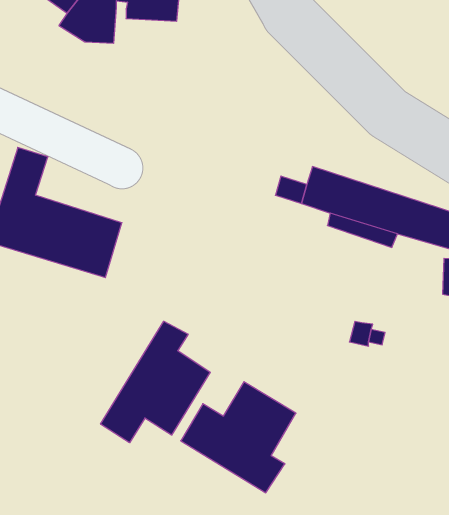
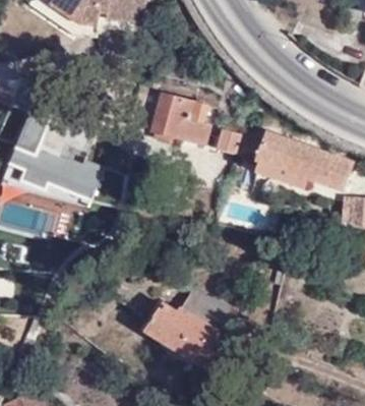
building: none -> [127,89,208,144]
building: [101,321,210,443] -> none

